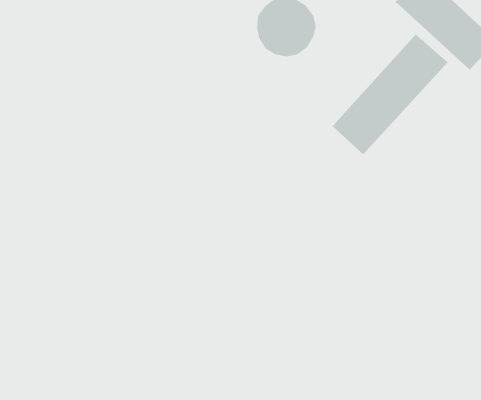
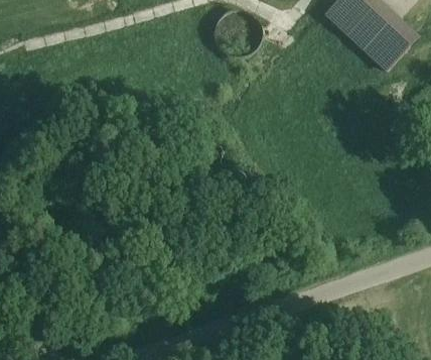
building: [332,34,448,155] -> none

